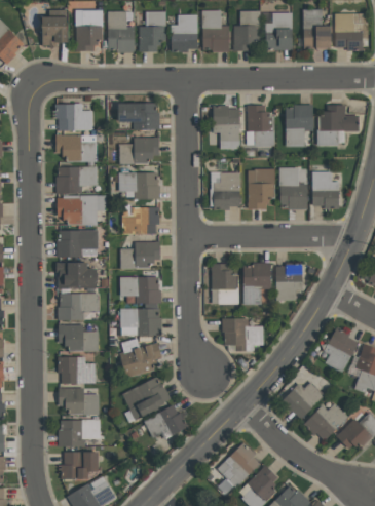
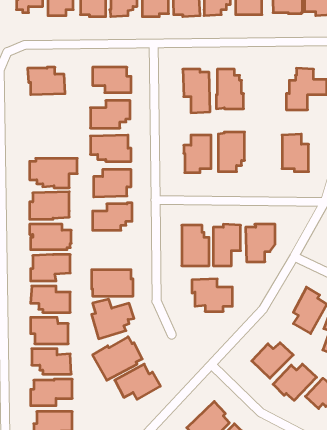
building: [285,104,313,146] -> none
building: [55,134,96,161] -> none
building: [55,165,97,193] -> none
building: [279,167,307,208] -> none
building: [119,276,161,303] -> none

